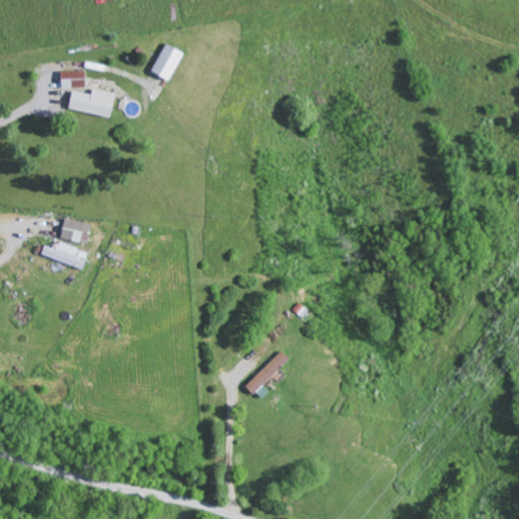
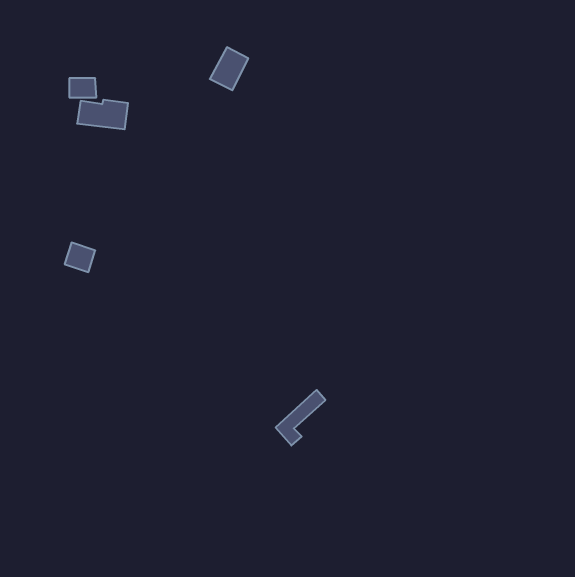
building: [151,43,186,81] -> [210,47,248,90]
building: [38,241,85,270] -> none

